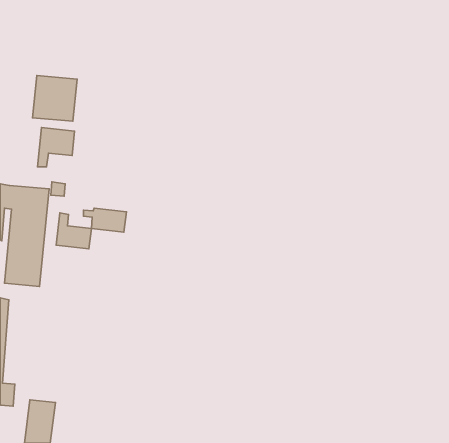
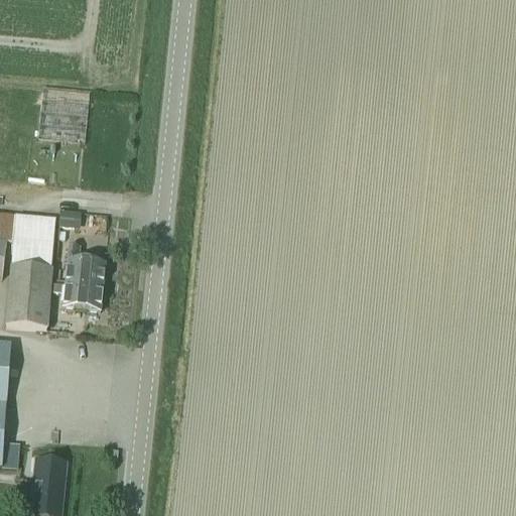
building: [38,128,74,167] -> none
building: [83,208,127,232] -> [52,281,102,308]

